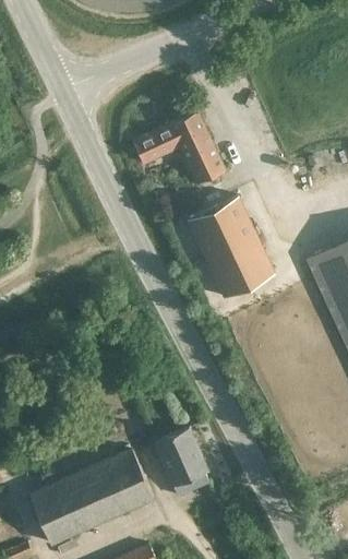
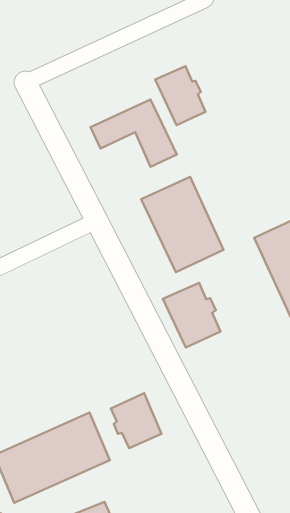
building: none -> [155,66,206,125]
building: none -> [163,283,220,347]

